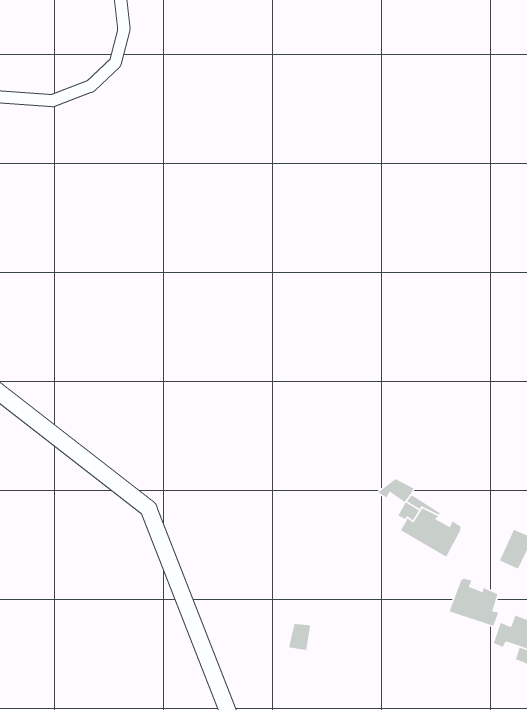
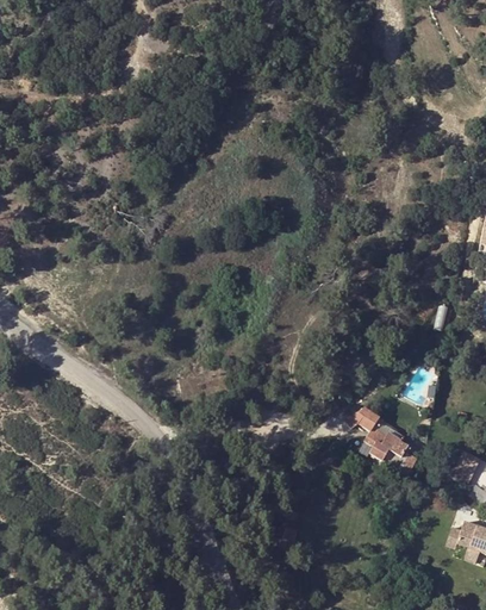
building: [448,578,499,627] -> none

